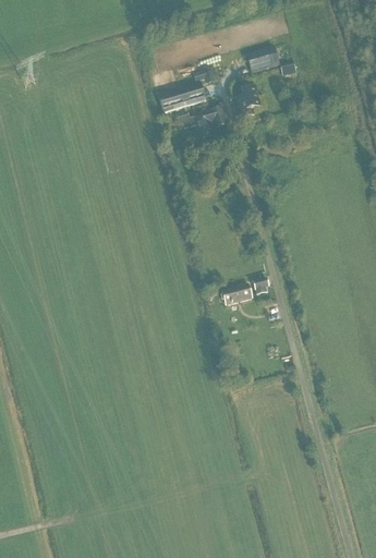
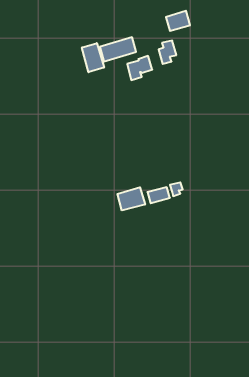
building: none -> [82,43,104,72]
building: none -> [117,187,145,210]

